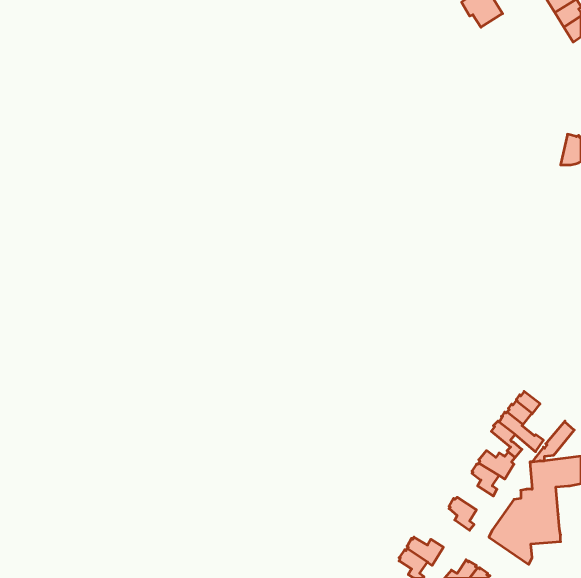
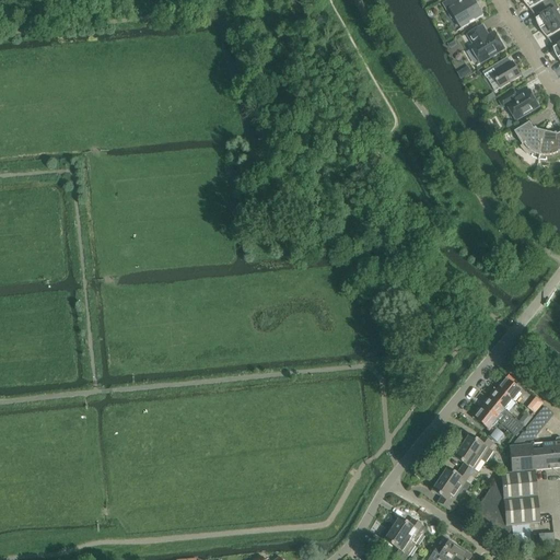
building: none -> [468,24,505,61]
building: none -> [486,57,522,85]
building: none -> [500,88,540,118]
building: none -> [515,120,546,159]
building: none -> [439,467,475,493]

